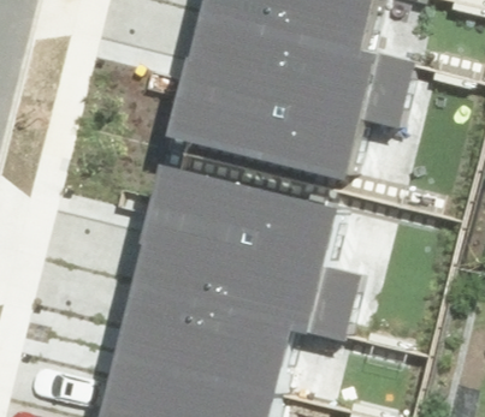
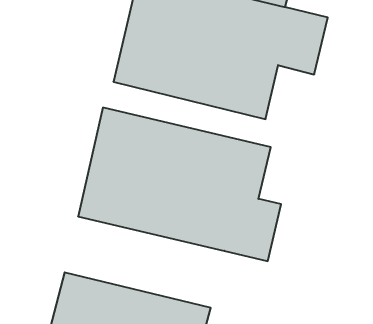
building: [113,291,298,397] -> none

